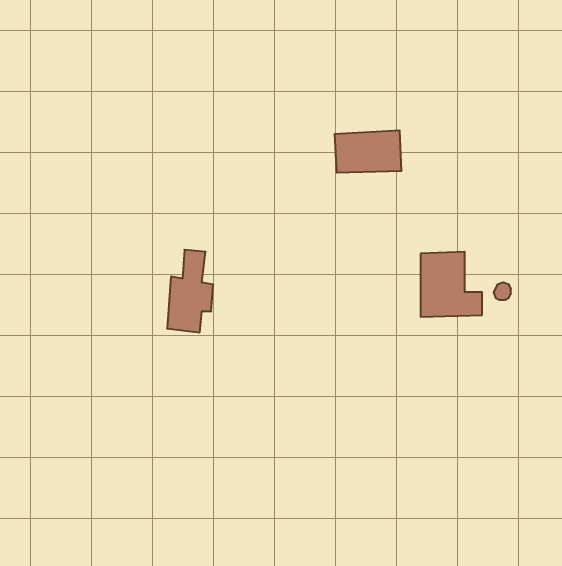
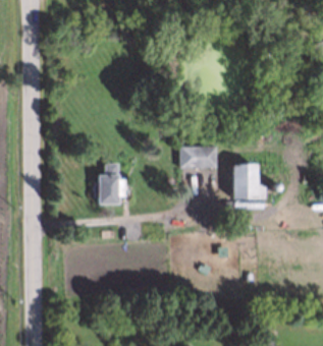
building: [334,130,402,173] -> [183,147,219,169]

